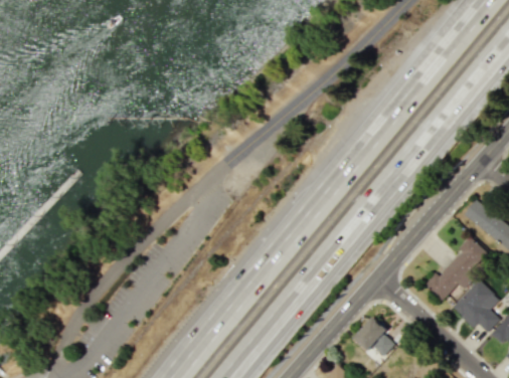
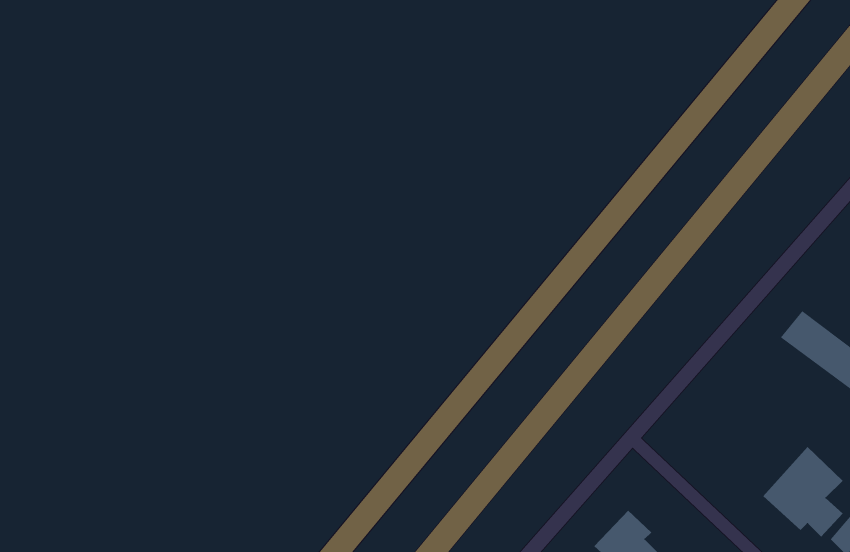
building: [423,236,490,302] -> none

